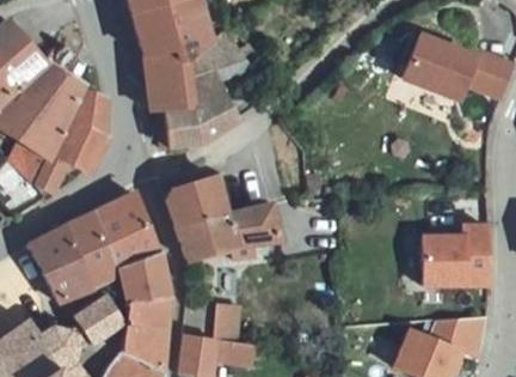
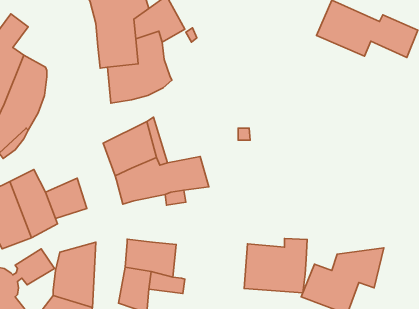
building: [88,202,136,245] -> none
building: [412,223,481,282] -> [244,238,307,293]
building: [112,263,156,311] -> none

